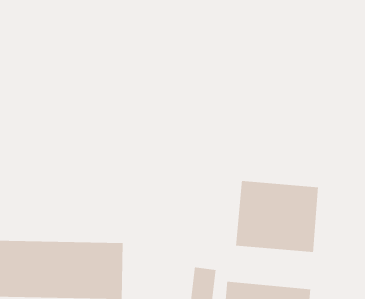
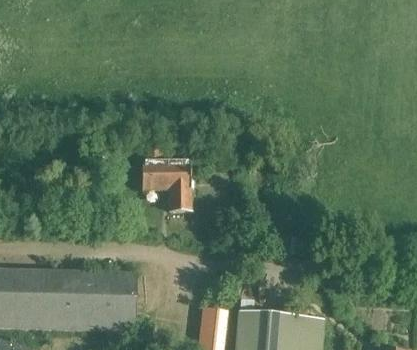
building: none -> [139,144,193,212]
building: [235,180,319,253] -> none

